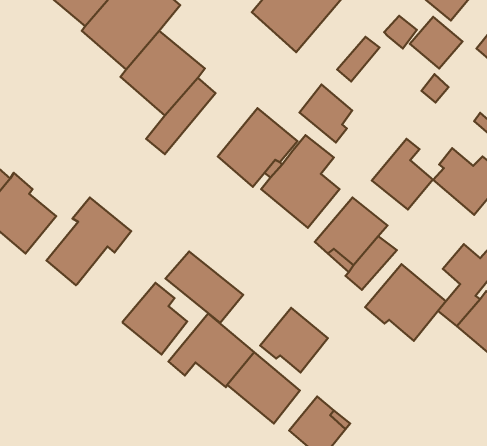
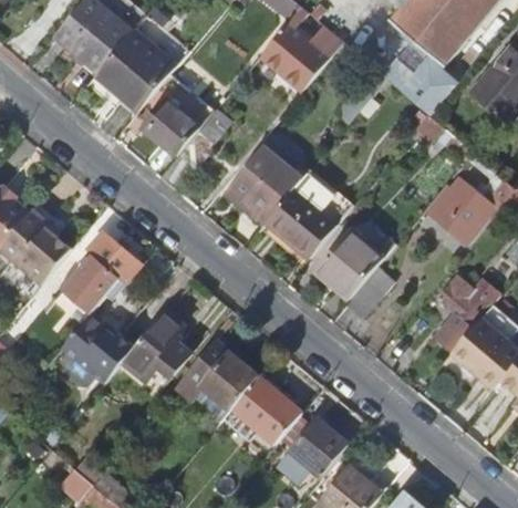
building: [299,84,352,143] -> none
building: [372,139,433,209] -> none
building: [166,251,243,323] -> none
building: [365,264,446,341] -> none
building: none -> [60,312,133,384]
building: [260,308,328,372] -> none

